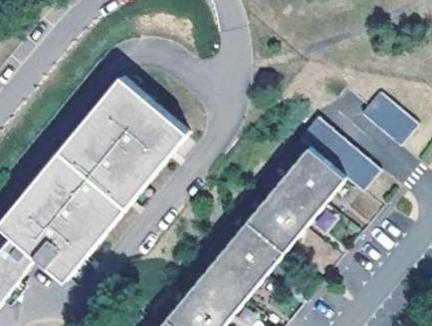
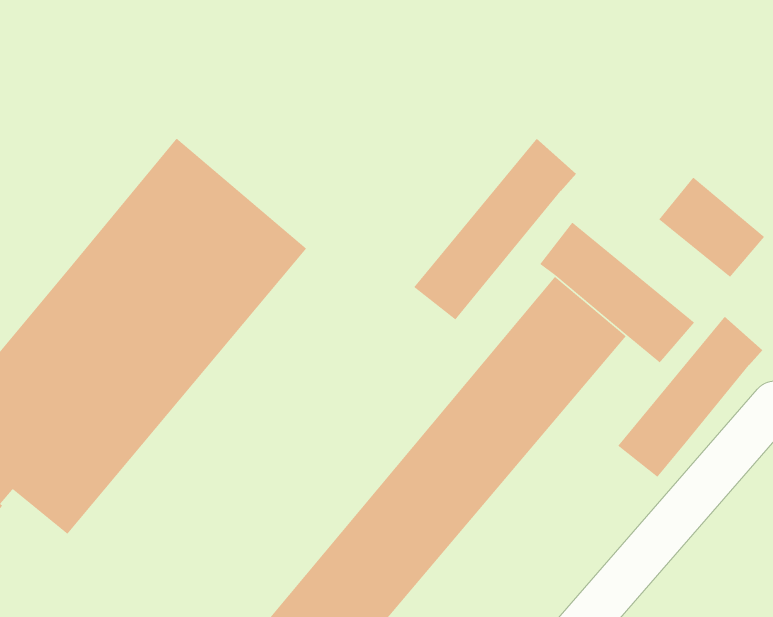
building: none -> [413,138,577,321]
building: none -> [617,316,763,478]

